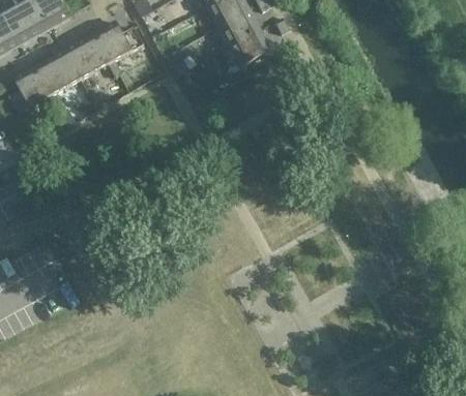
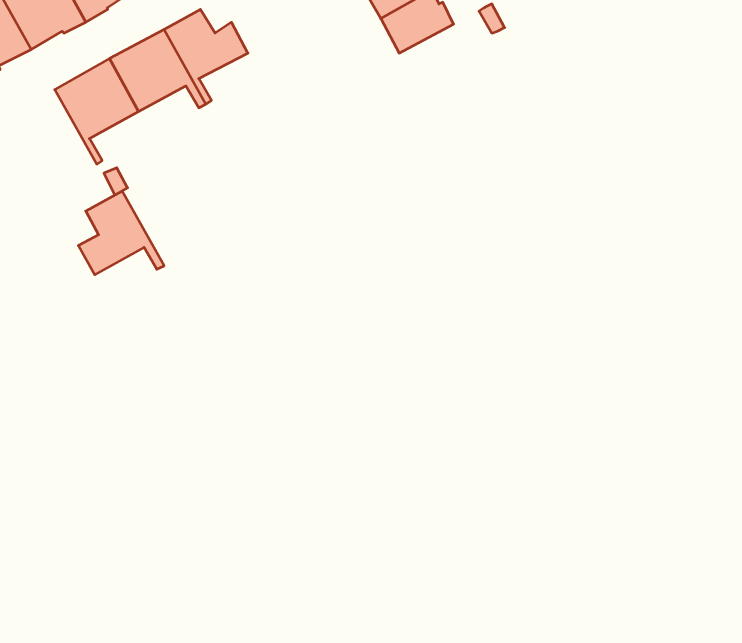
building: [230,28,271,65] -> none
building: [9,65,58,113] -> [78,191,164,275]

